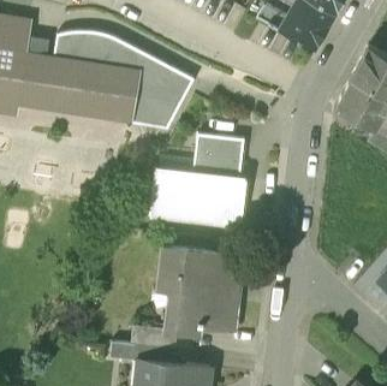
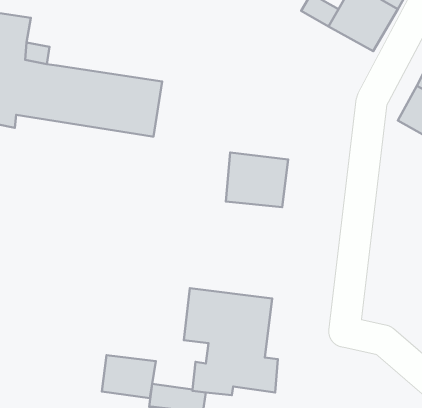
building: [52,31,194,130] -> none
building: [148,168,246,226] -> none
building: none -> [102,355,156,398]

